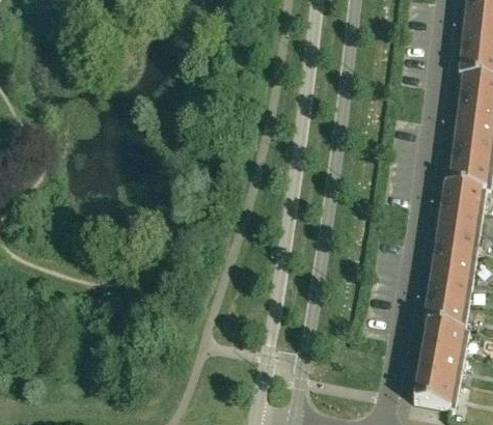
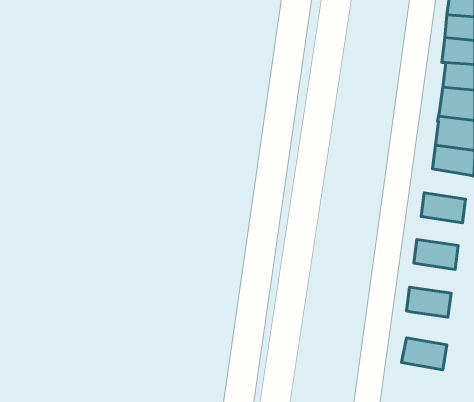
building: [441,173,487,203] -> none
building: [434,221,480,250] -> none
building: [427,267,472,298] -> none
building: [423,316,469,349] -> none
building: [413,367,460,400] -> none

